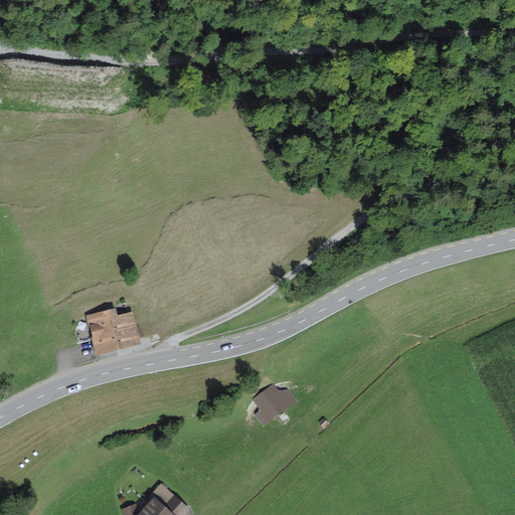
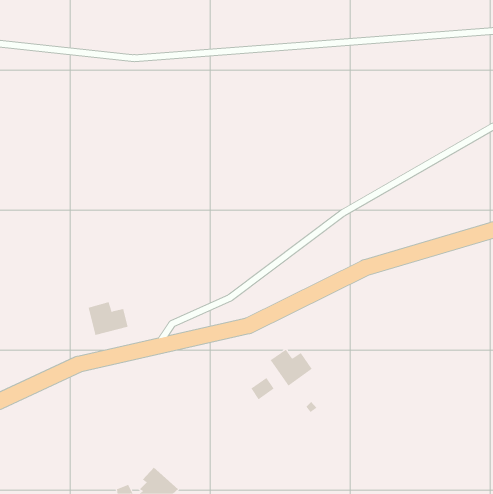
building: none -> [270,349,313,386]

